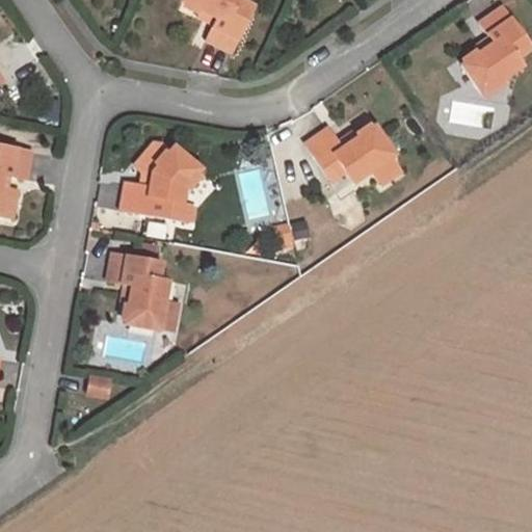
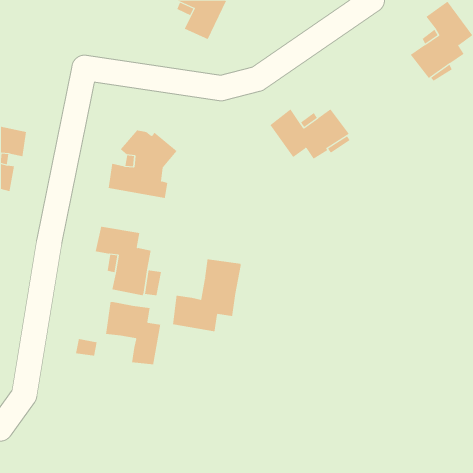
building: none -> [173,259,241,332]
building: none -> [106,301,161,365]

